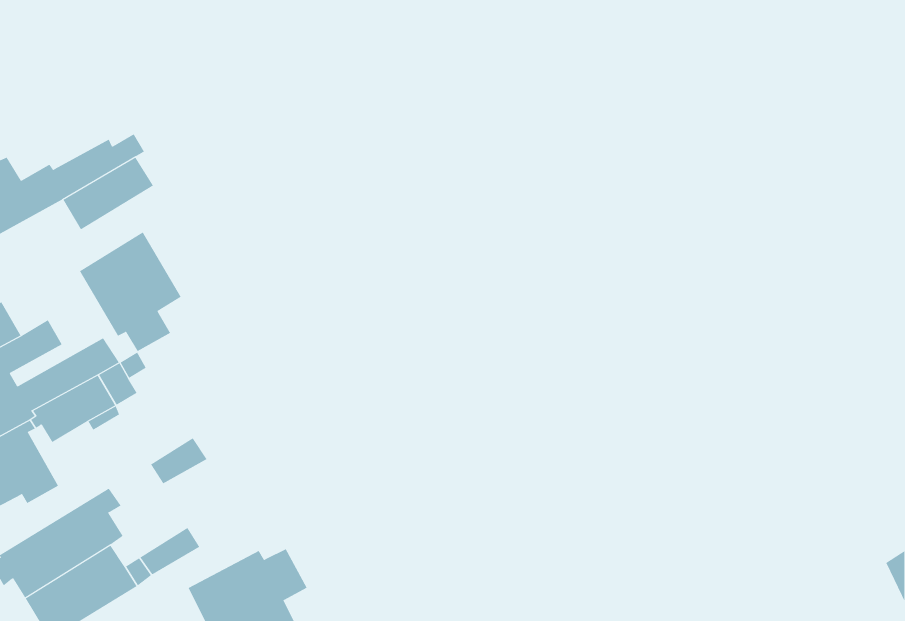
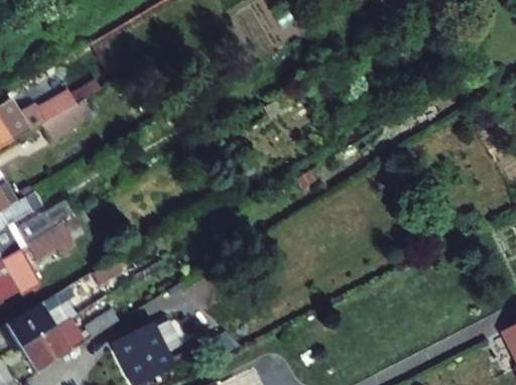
building: [79,231,181,352] -> none

